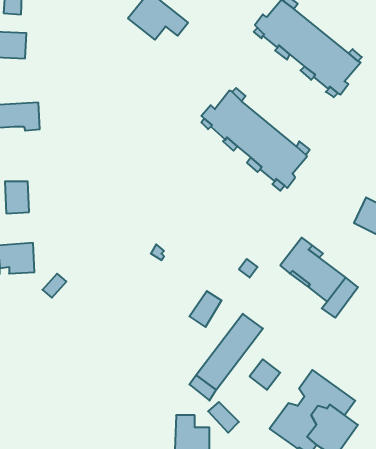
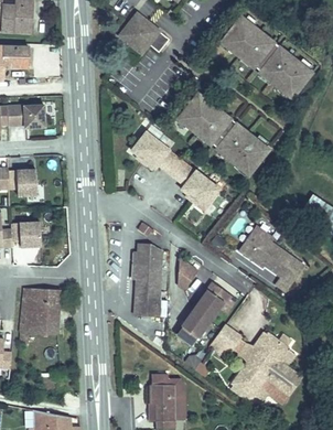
building: none -> [128,125,219,205]
building: none -> [130,243,161,318]
building: none -> [19,288,57,344]

